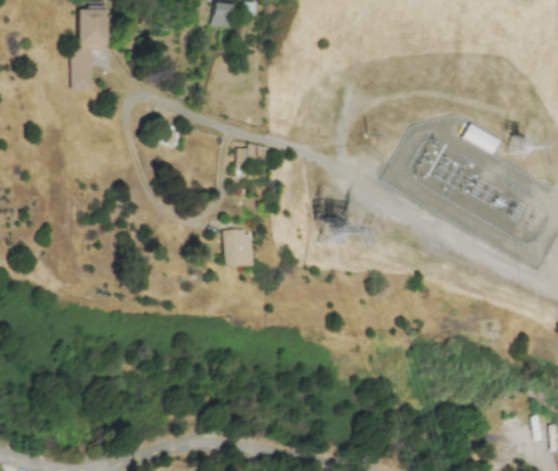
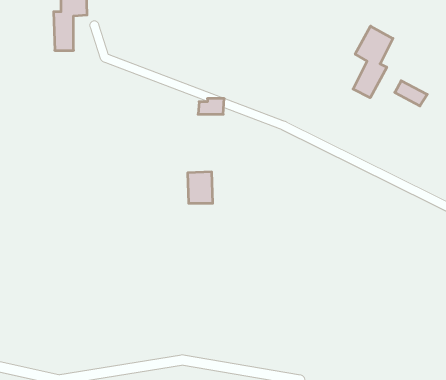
building: none -> [353,26,393,98]

